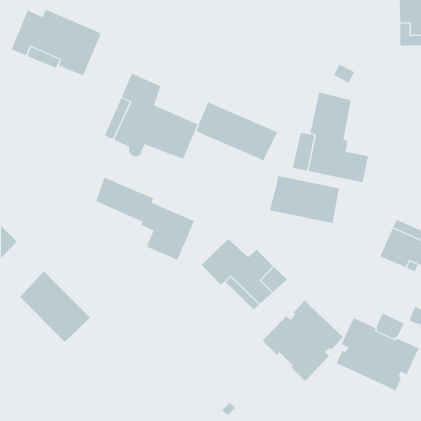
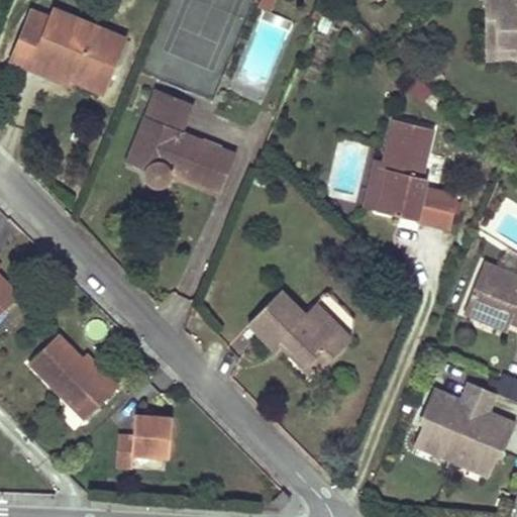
building: [196,101,278,161] -> none
building: [270,175,339,224] -> none
building: [95,177,195,260] -> none
building: [262,300,344,382] -> none
building: none -> [112,420,169,472]

